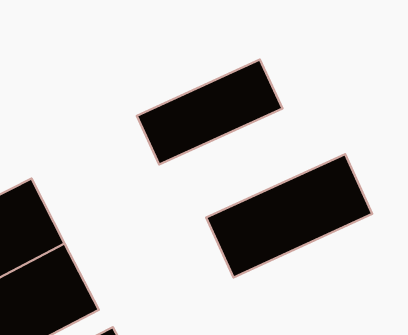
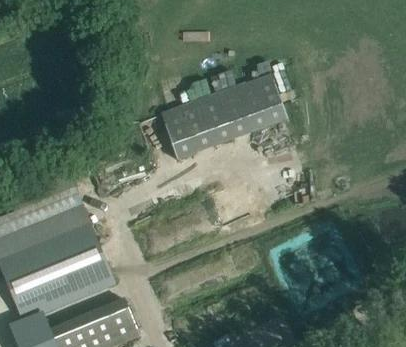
building: [206,154,372,277] -> none

